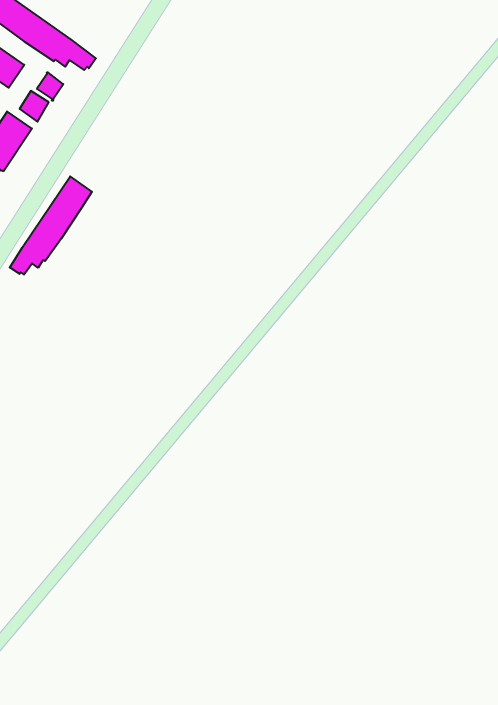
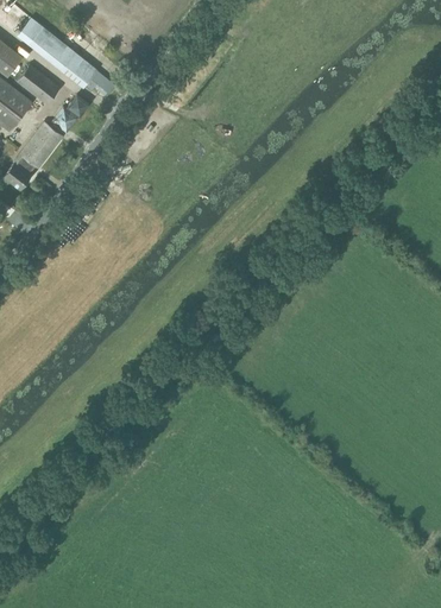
building: [10,176,92,275] -> none

